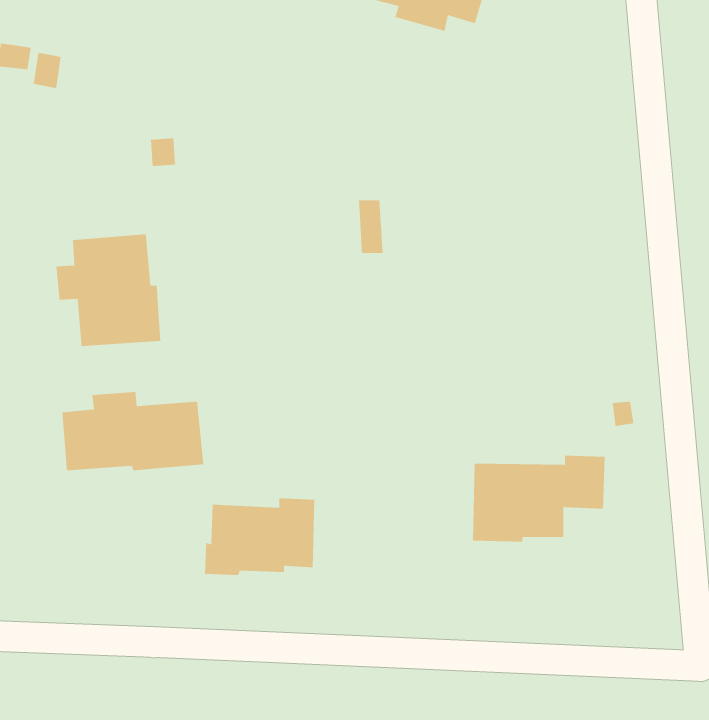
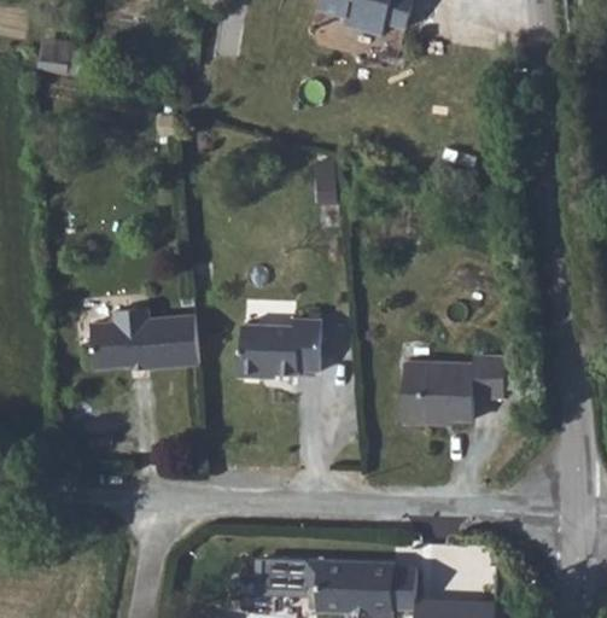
building: [56,234,161,347] -> none
building: [204,498,315,576] -> [235,319,320,378]

